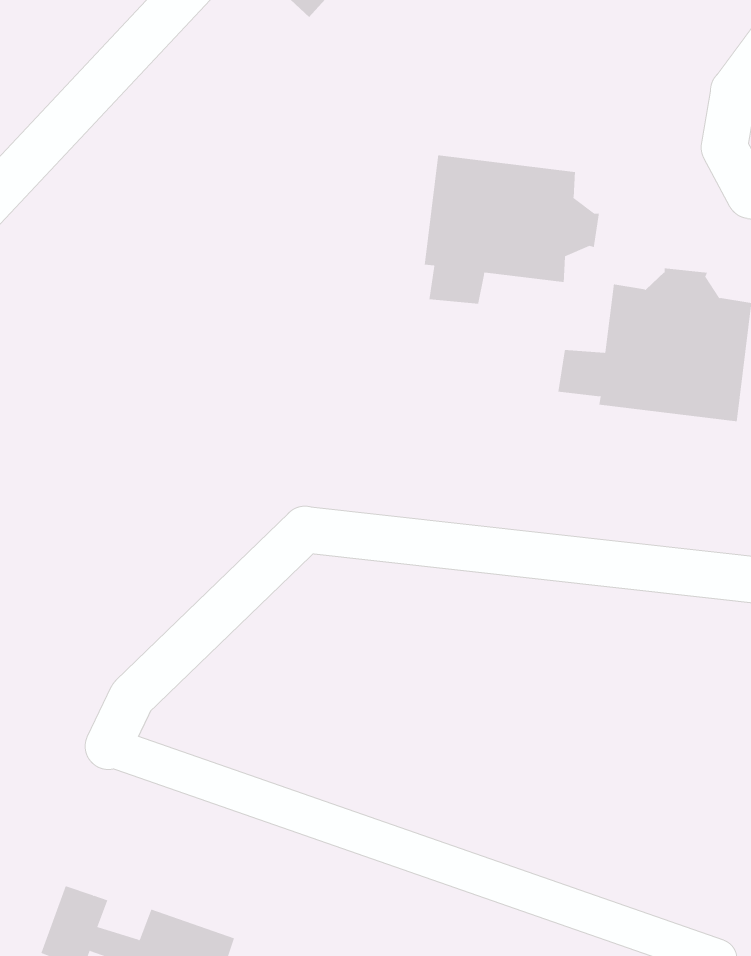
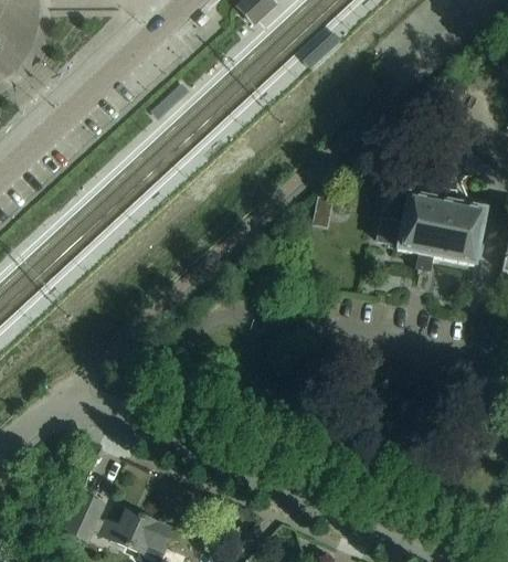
building: [424,155,599,305] -> none

